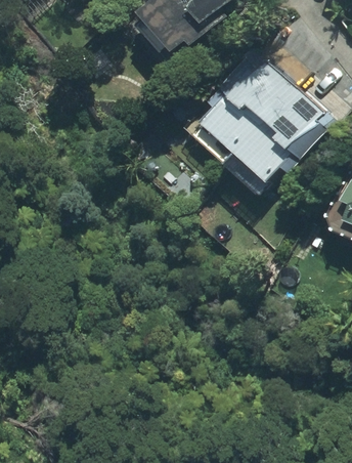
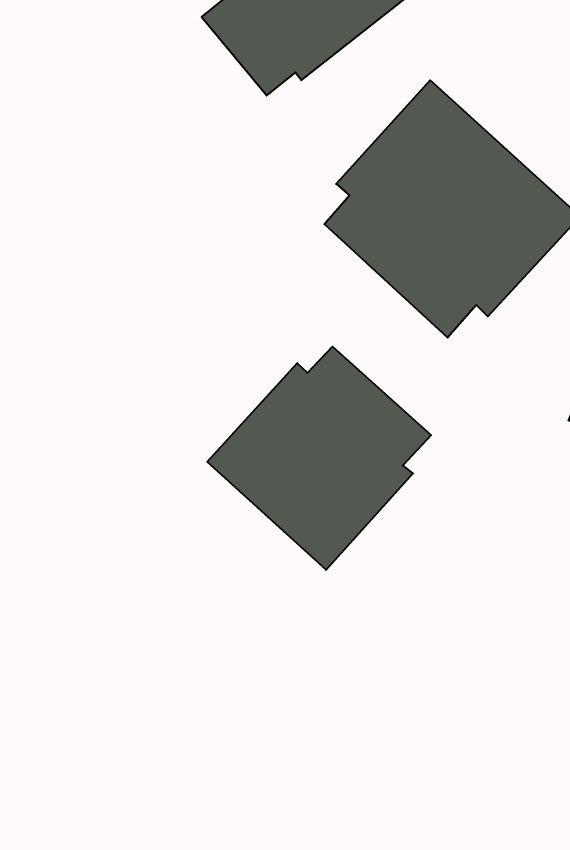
building: none -> [207,347,431,570]

